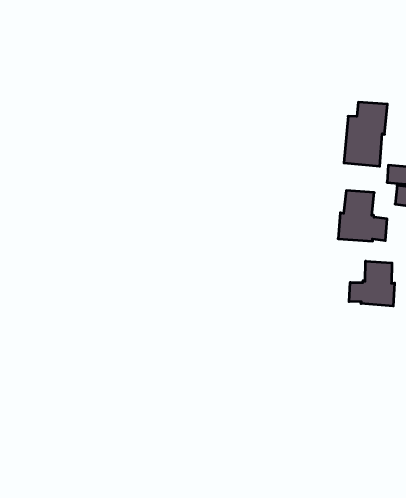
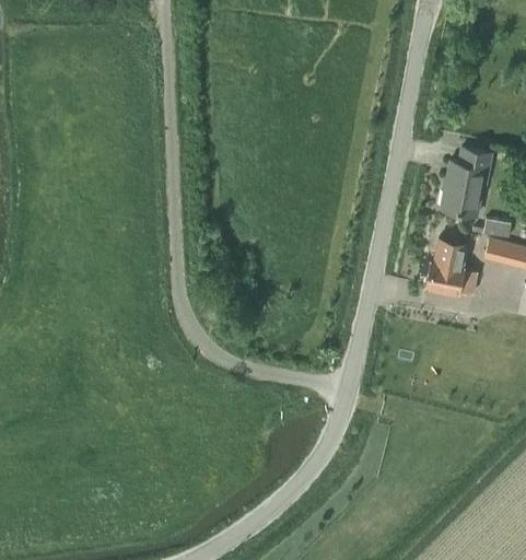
building: [349,261,395,306] -> none

